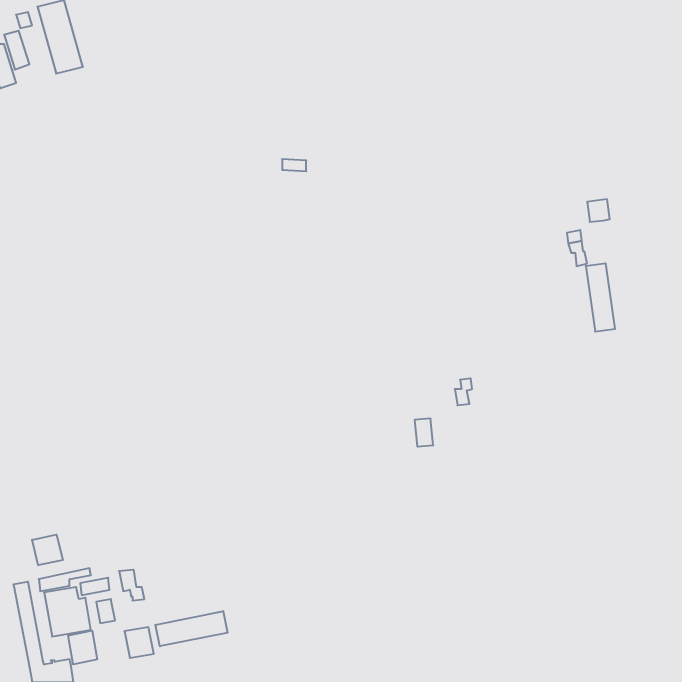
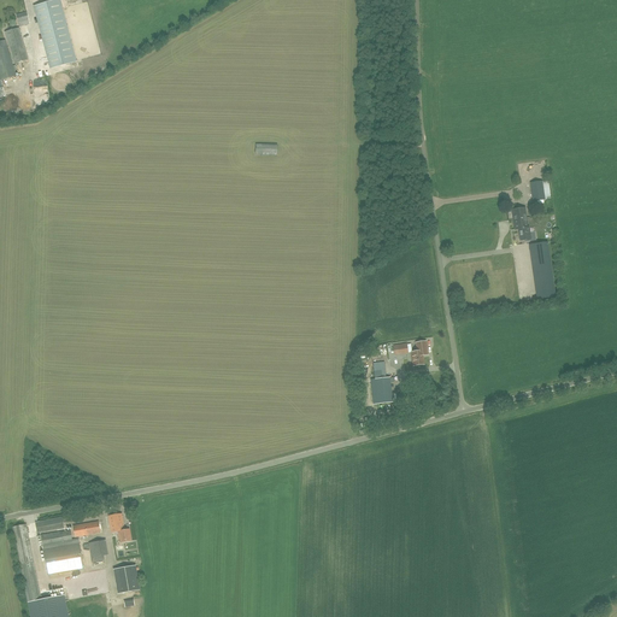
building: [32,535,63,565] -> none
building: [155,611,228,646] -> none
building: [68,631,97,664] -> none

